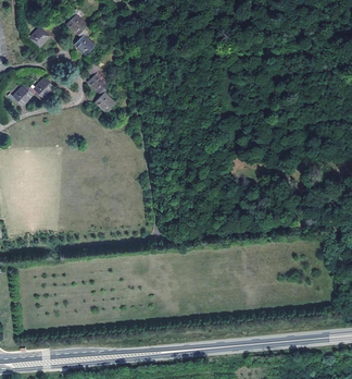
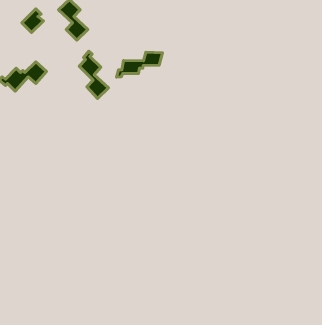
building: none -> [116,52,162,77]

